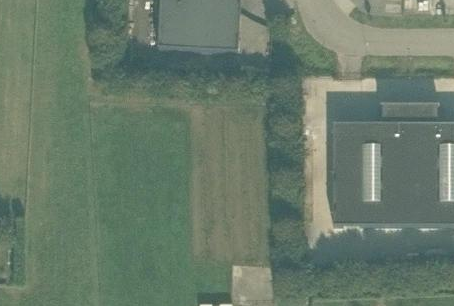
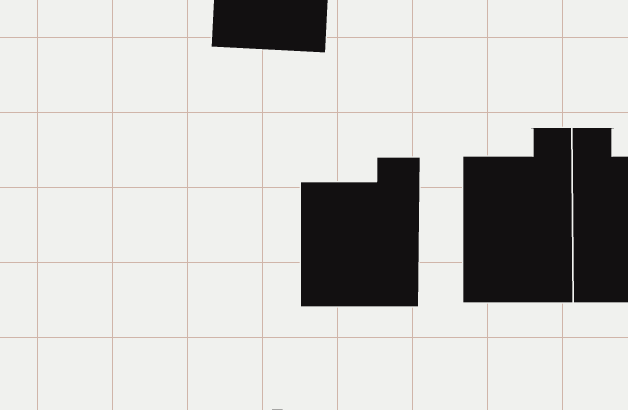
building: none -> [301,157,420,307]

